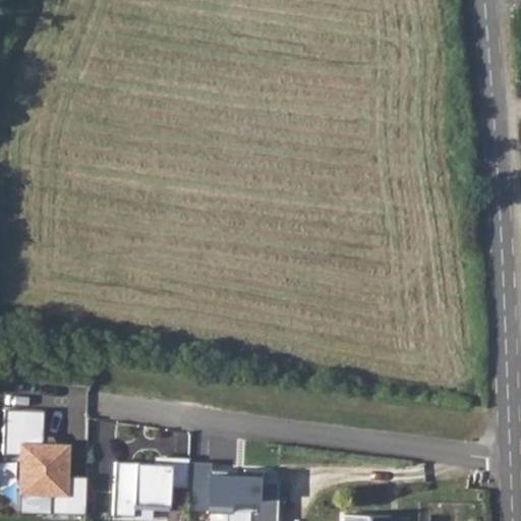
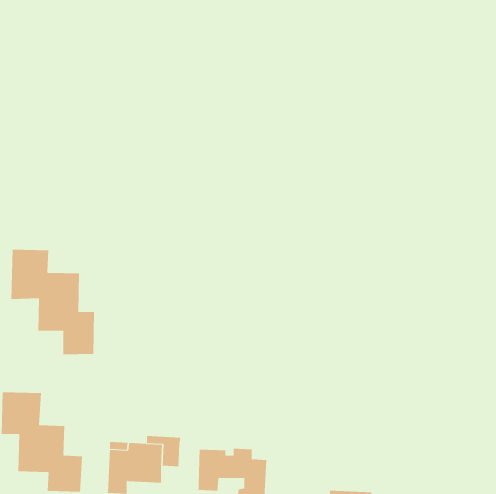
building: none -> [11,249,95,355]
building: [188,467,210,511] -> none

